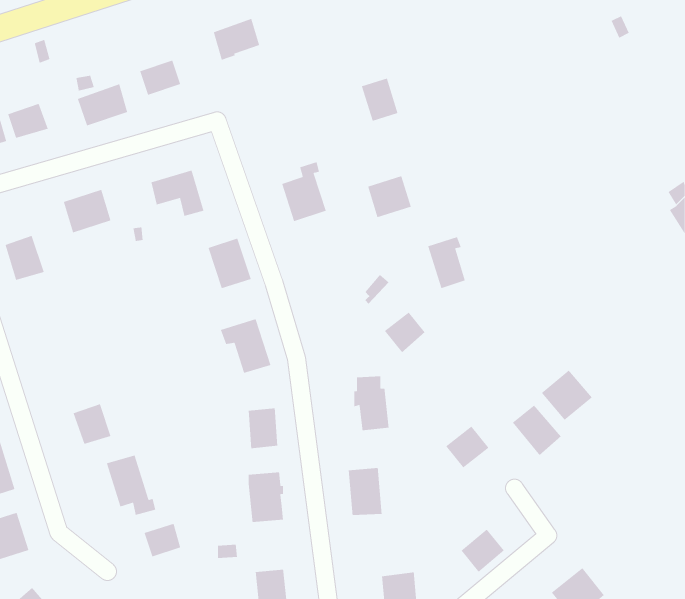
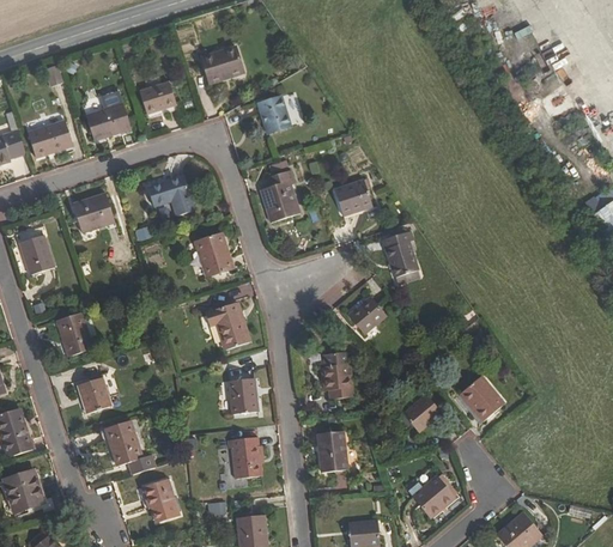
building: [361,77,398,122] -> [259,95,291,133]
building: none -> [59,310,95,354]
building: [541,369,593,421] -> none

